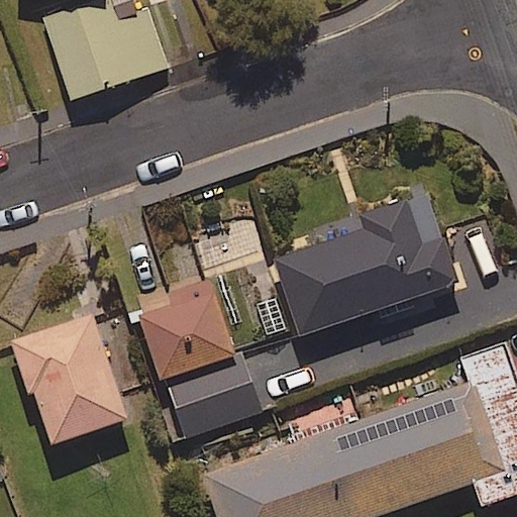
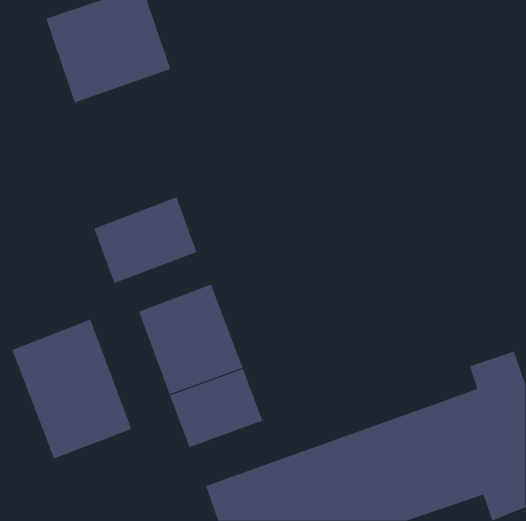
building: none -> [94,197,197,284]
building: [275,193,458,338] -> none

